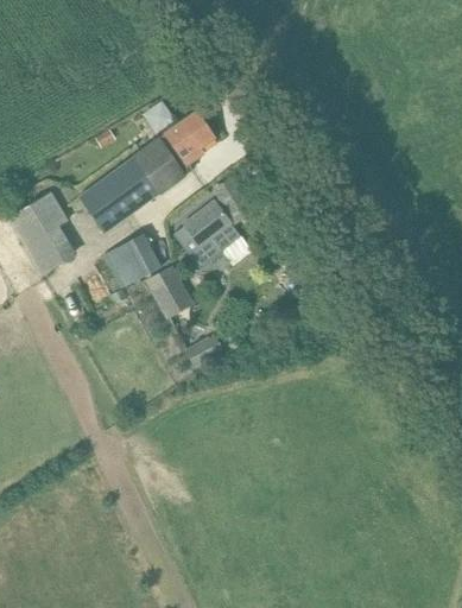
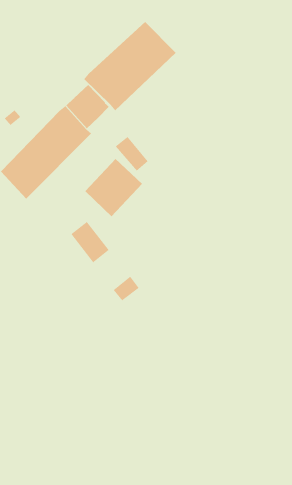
building: none -> [84,21,177,111]
building: [105,229,165,287] -> none

